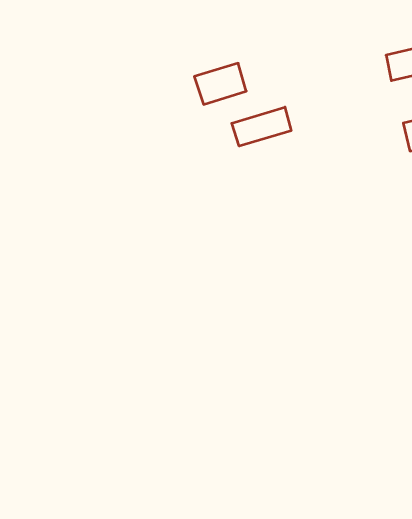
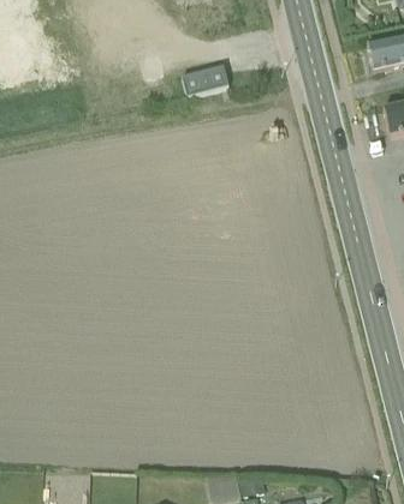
building: [232,107,291,146] -> none

